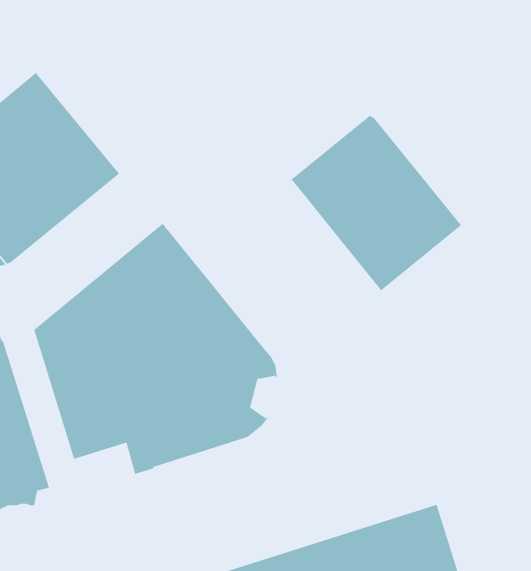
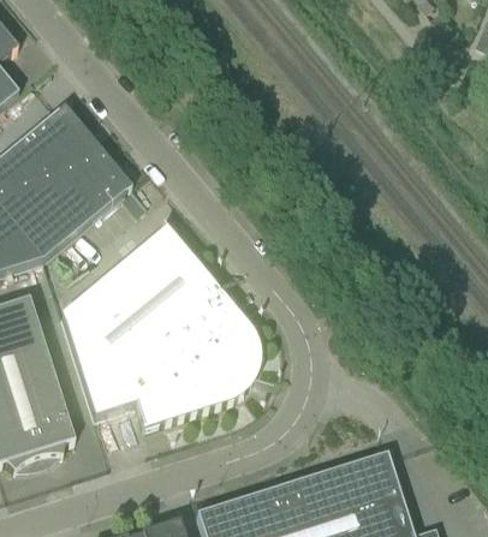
building: [291,115,462,291] -> none

